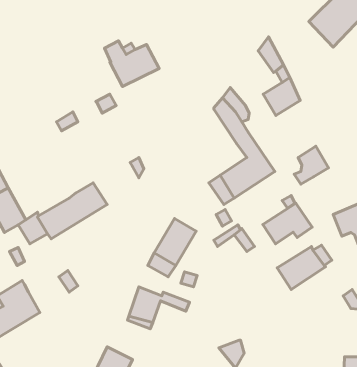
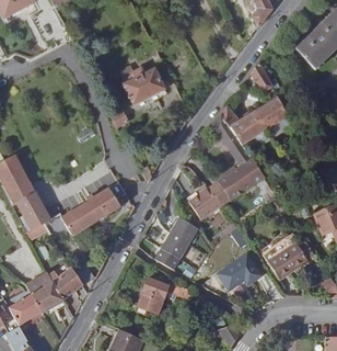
building: [294,146,329,184] -> [236,111,266,144]
building: none -> [188,188,221,220]
building: [263,203,312,244] -> [218,254,260,290]
building: none -> [49,263,82,299]

